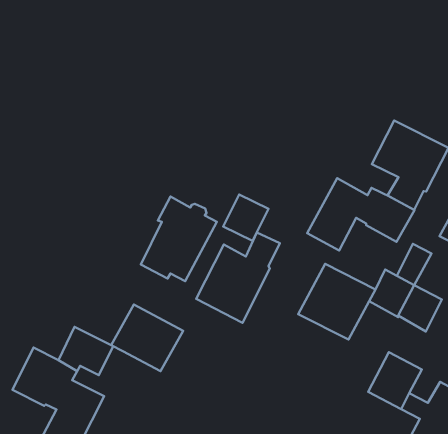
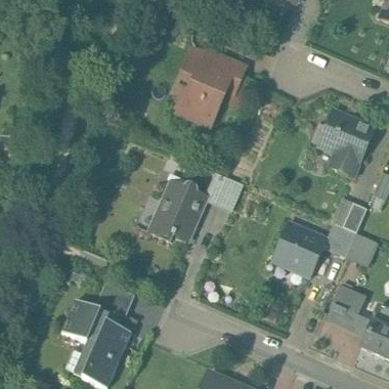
building: none -> [175,46,249,131]
building: [307,178,414,250] -> none
building: [196,232,280,323] -> none
building: [111,305,183,371] -> none

